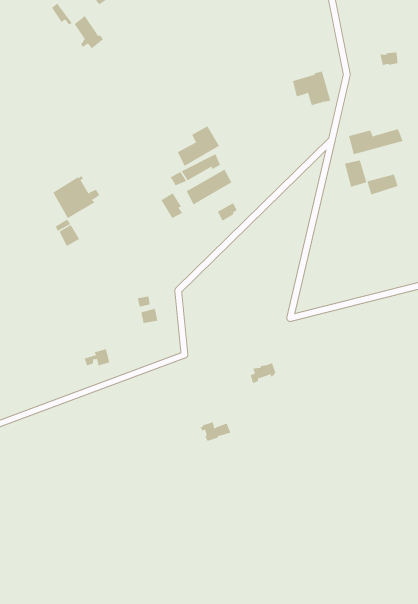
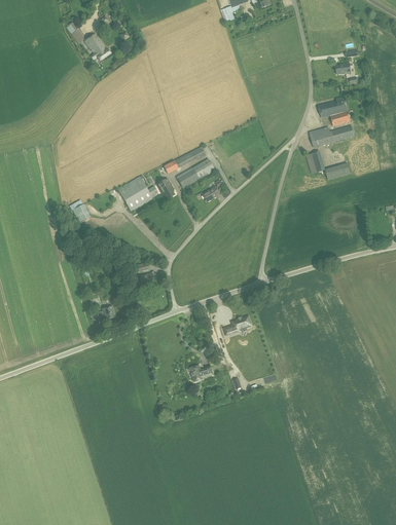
building: [292,71,331,106] -> [318,97,350,125]
building: [177,125,220,167] -> none
building: [52,175,100,219] -> [117,175,156,211]

